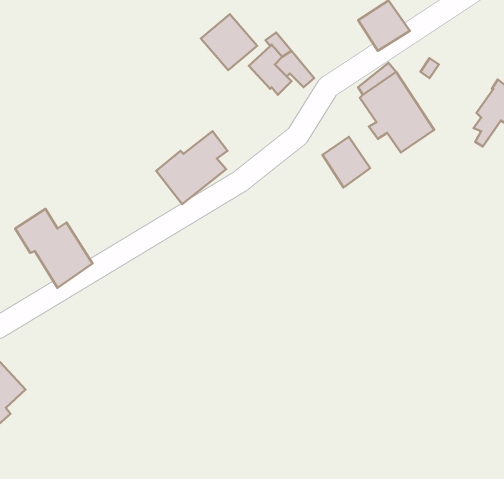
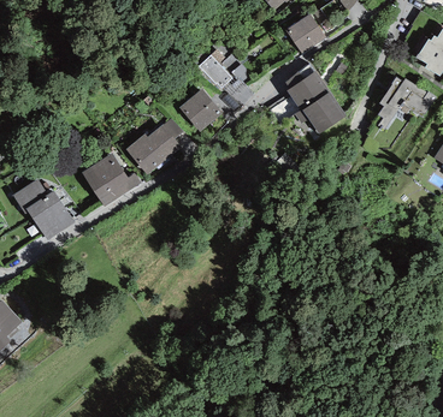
building: [201,14,257,70] -> [178,87,223,131]
building: [323,137,370,187] -> none
building: none -> [82,153,141,205]

